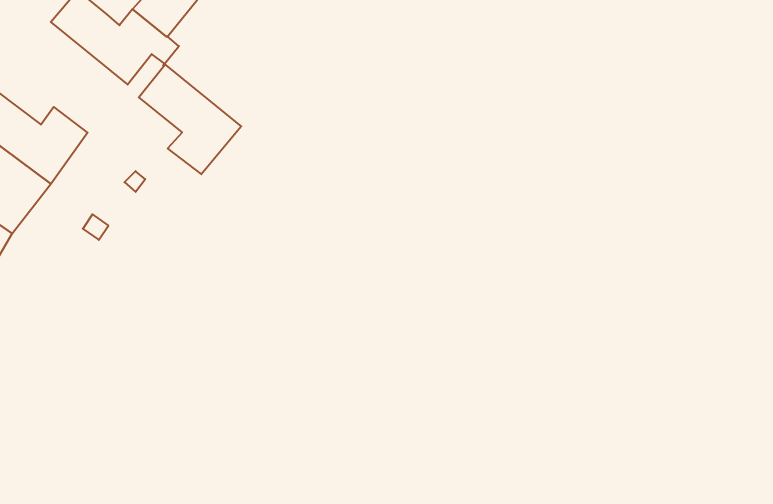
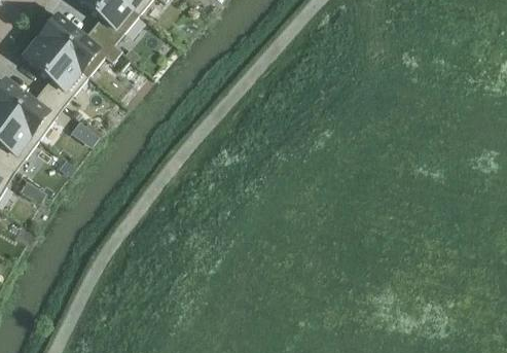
building: [139,64,241,174] -> [22,34,87,105]

